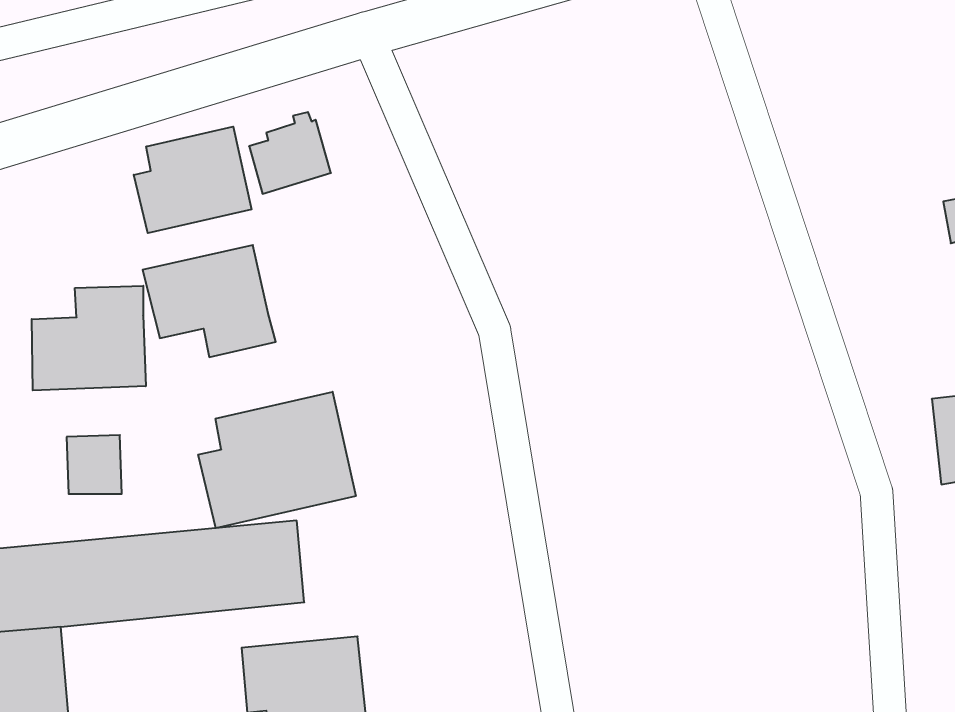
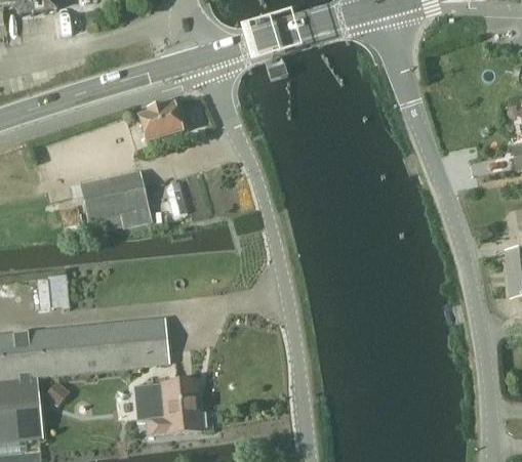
building: [134,127,252,233] -> none
building: [32,286,146,390] -> none
building: [198,392,356,528] -> none

